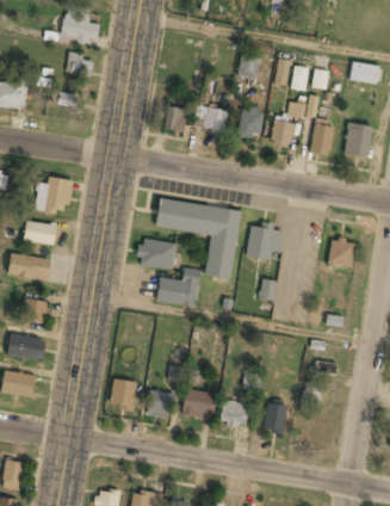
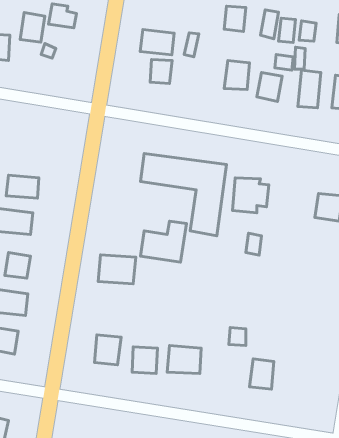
building: none -> [20,13,45,42]
building: [194,106,228,131] -> [140,30,174,55]
building: [35,177,73,215] -> none
building: [138,240,175,269] -> [98,255,136,284]
building: [219,400,249,427] -> none

